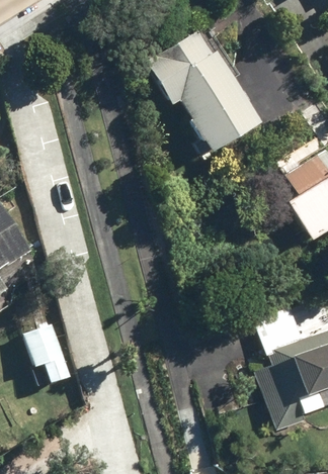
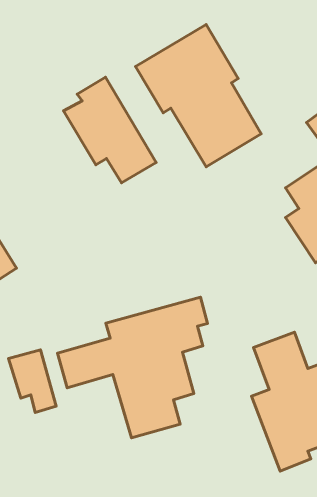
building: none -> [64,77,156,183]
building: none -> [58,297,207,438]

